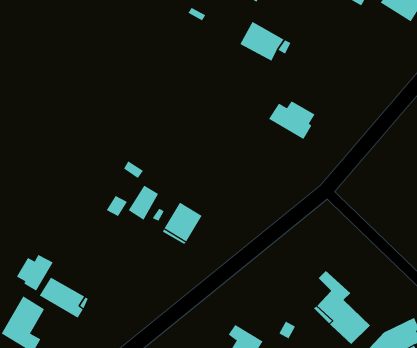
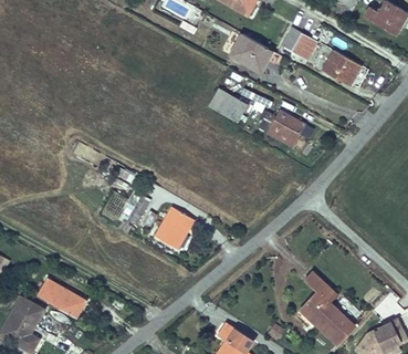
building: none -> [281,27,316,60]
building: none -> [323,50,360,85]
building: none -> [208,87,248,123]
building: [16,254,53,291] -> none

